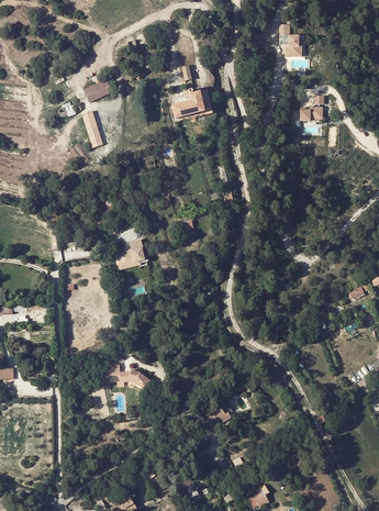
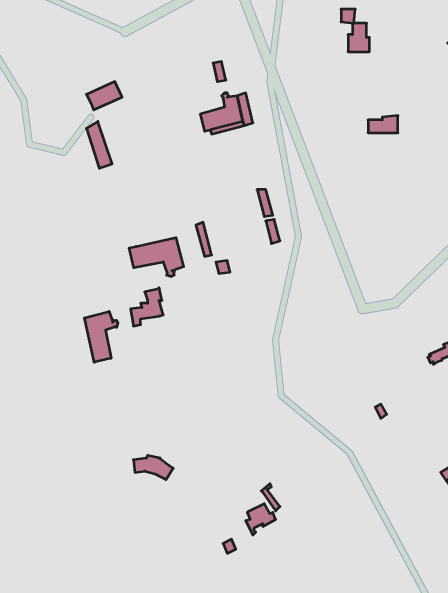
building: none -> [129,238,184,277]
building: none -> [84,311,118,362]

